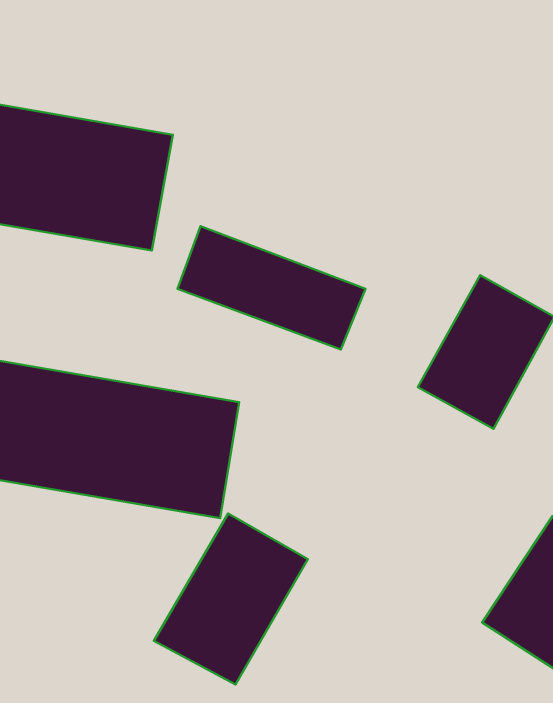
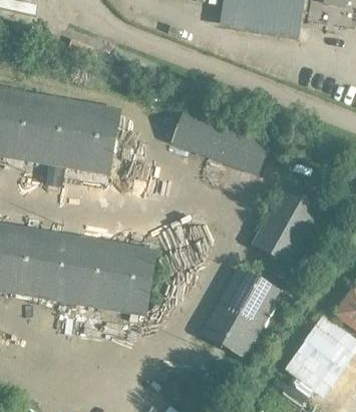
building: [178,226,366,349] -> [170,110,270,175]
building: [154,514,308,684] -> [200,267,281,357]

